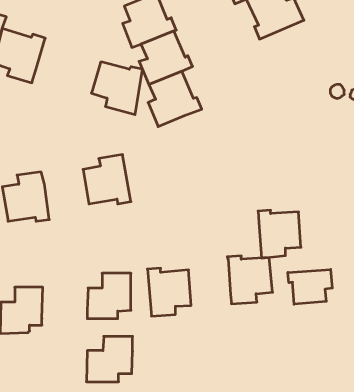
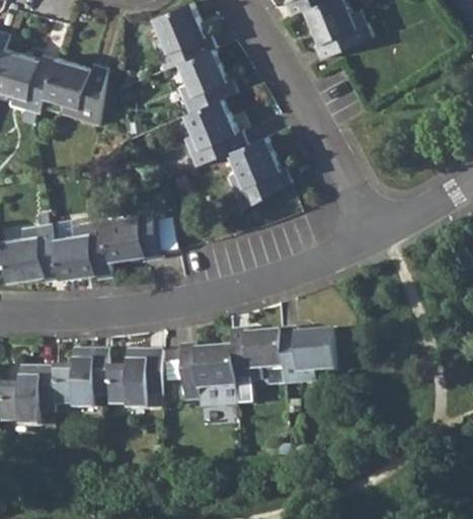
building: [91,62,142,115] -> [45,58,107,123]
building: none -> [227,138,292,211]
building: none -> [51,220,111,282]
building: [258,210,301,258] -> [231,328,284,387]
building: [288,269,332,304] -> none
building: [86,336,133,382] -> [52,348,108,403]

